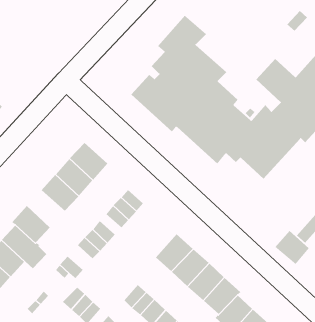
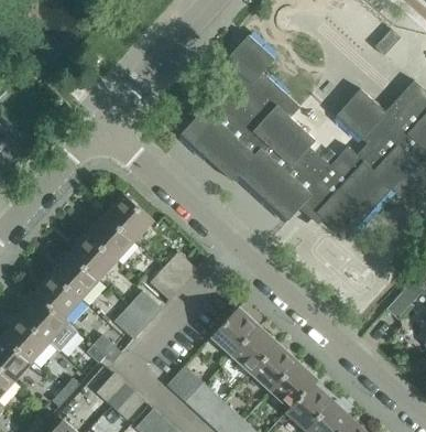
building: none -> [52,253,99,300]
building: [274,230,310,265] -> none

